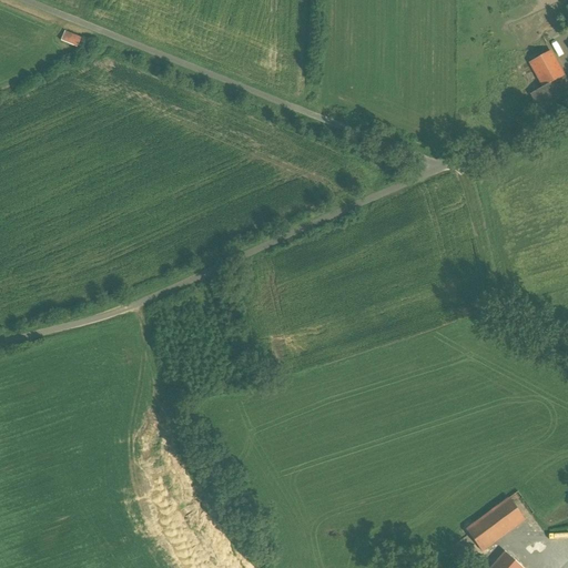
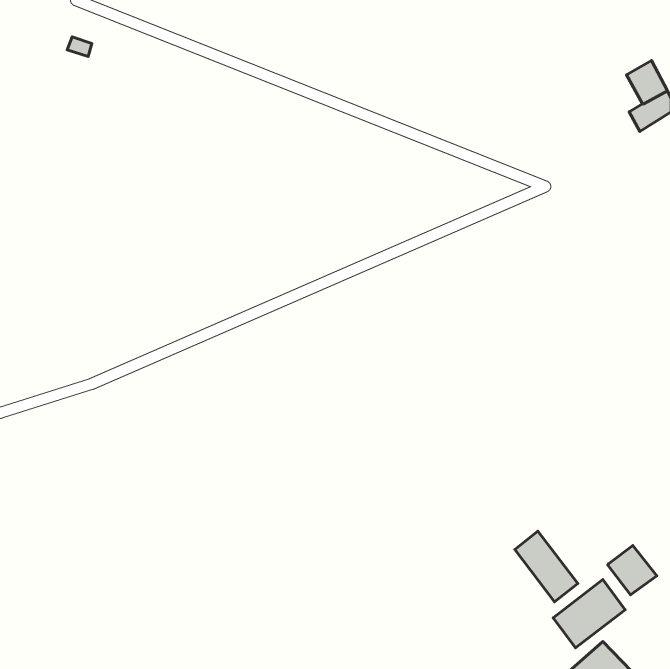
building: none -> [515,531,578,602]
building: none -> [608,545,657,595]

